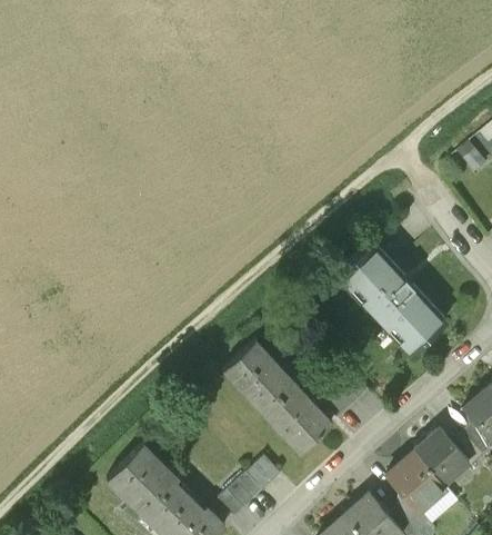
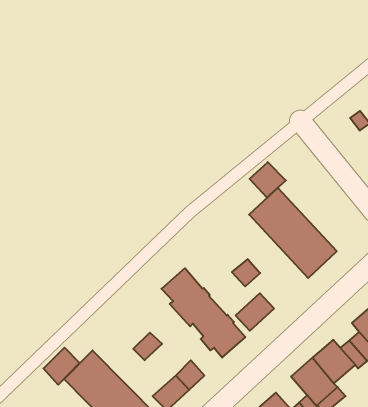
building: none -> [250,162,286,197]
building: none -> [232,259,260,286]
building: none -> [133,333,162,360]
building: none -> [43,348,79,385]

